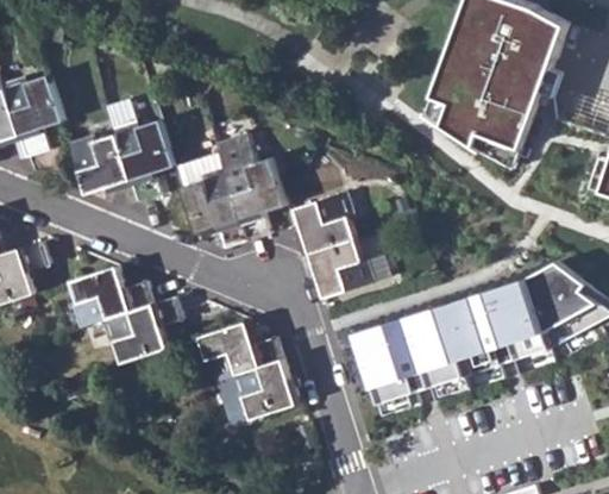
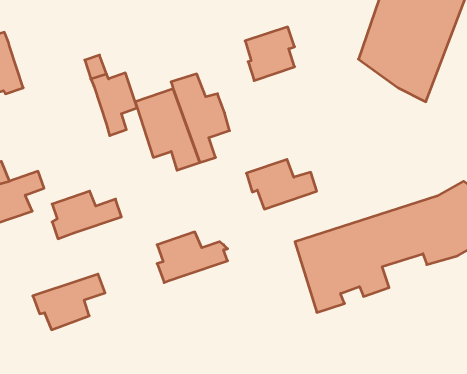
building: [14,85,69,163] -> none
building: [76,144,132,200] -> none
building: [289,185,349,249] -> [245,27,295,81]
building: [93,294,180,361] -> [33,274,105,330]
building: [207,354,300,424] -> none

